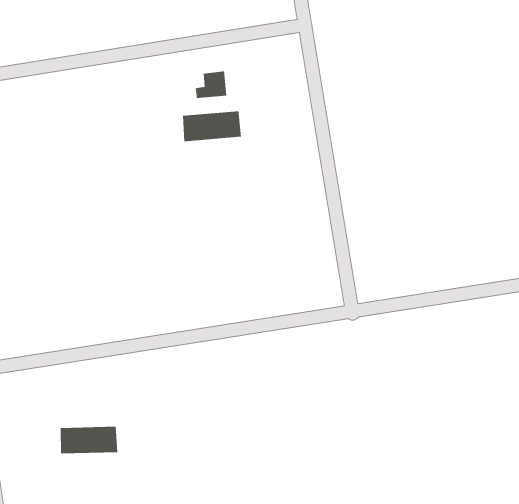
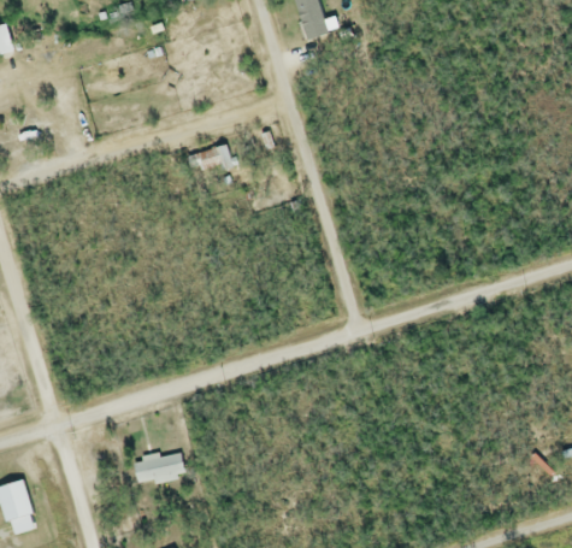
building: [183,110,241,142] -> none

